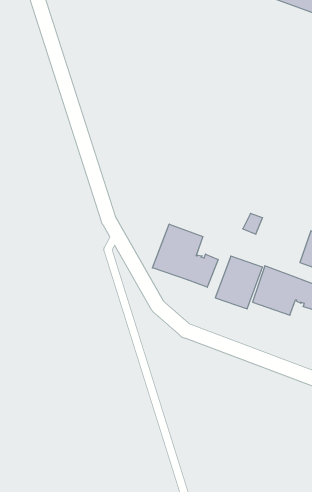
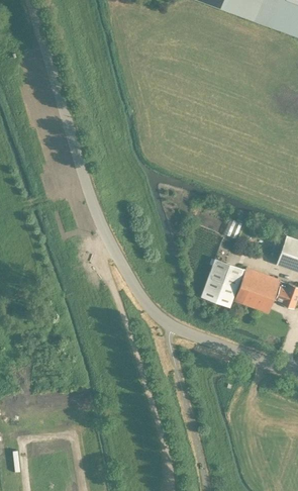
building: [152,224,218,287] -> none

